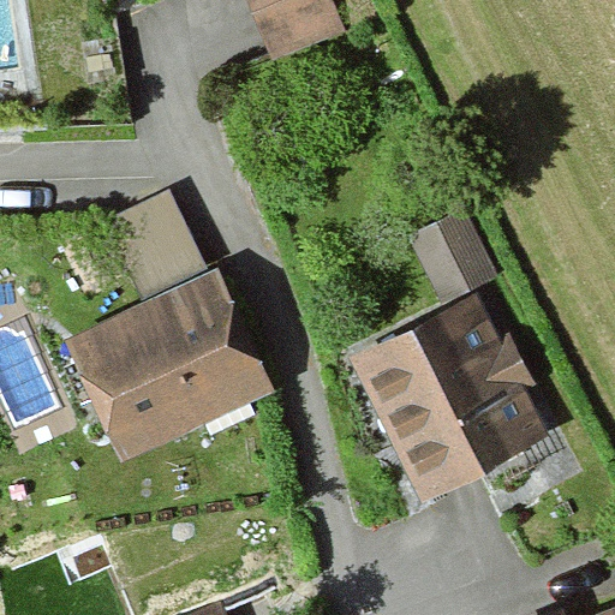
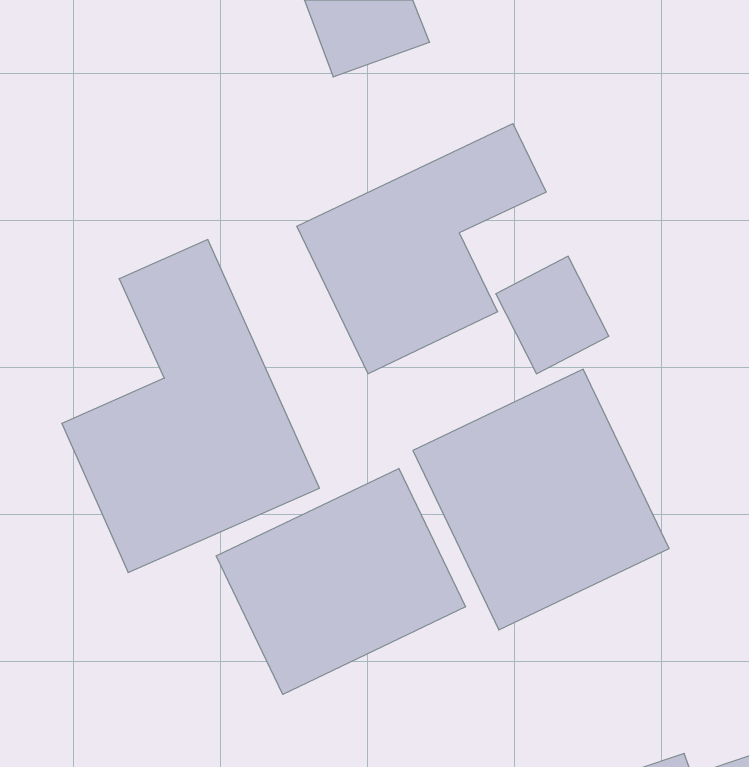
building: none -> [297,124,546,374]
building: none -> [216,468,465,694]

